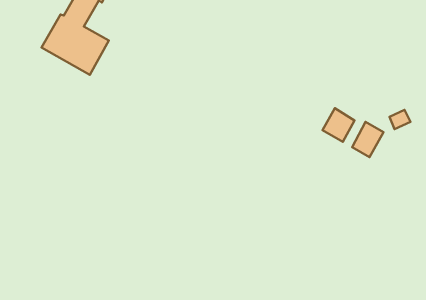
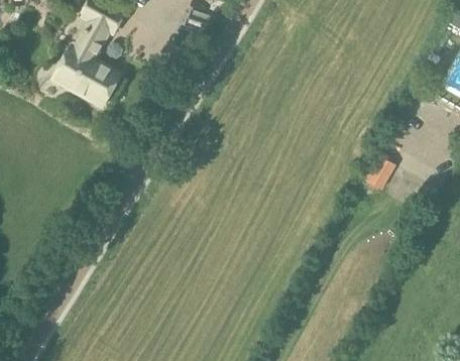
building: [322,108,354,142] -> none

